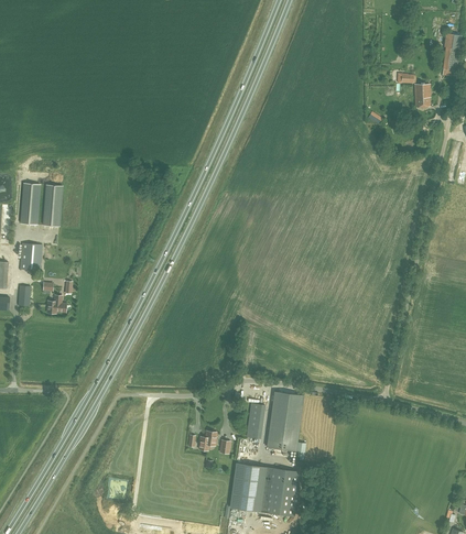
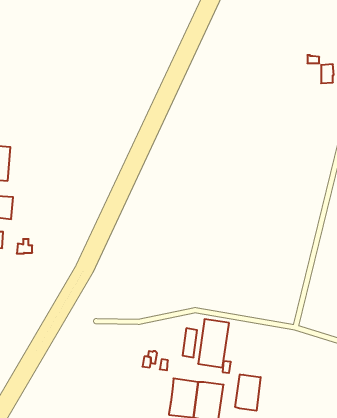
building: [43,185,62,226] -> none
building: none -> [235,374,261,411]

